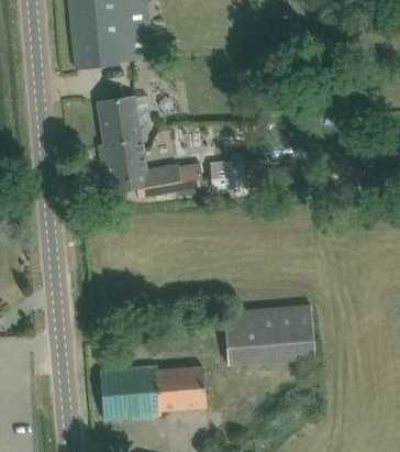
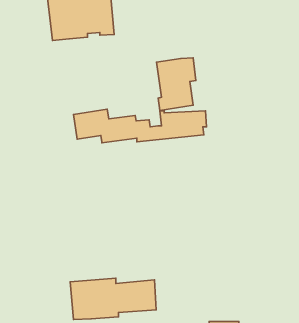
building: [98,96,147,162] -> [156,58,196,111]
building: [222,304,314,365] -> none

